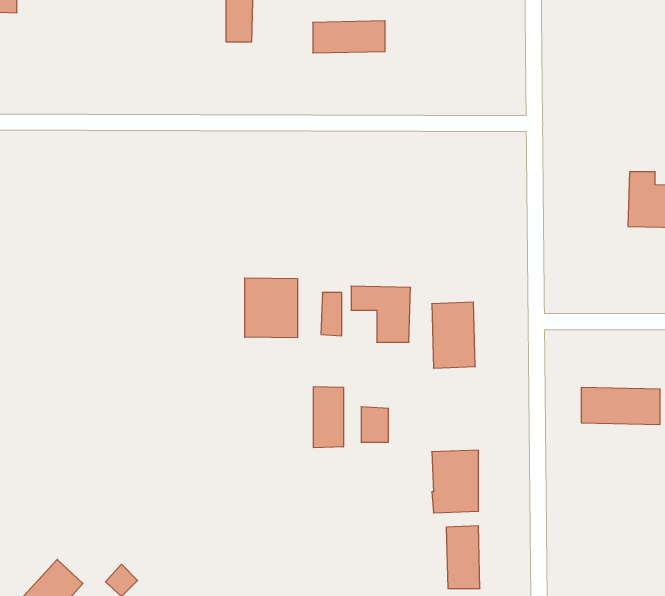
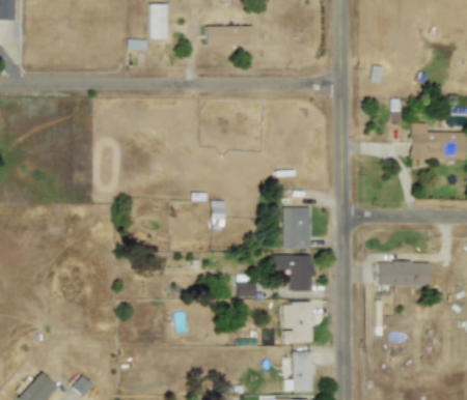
building: [245,278,297,338] -> none
building: [351,286,411,342] -> [274,255,312,291]
building: [314,387,343,448] -> none

